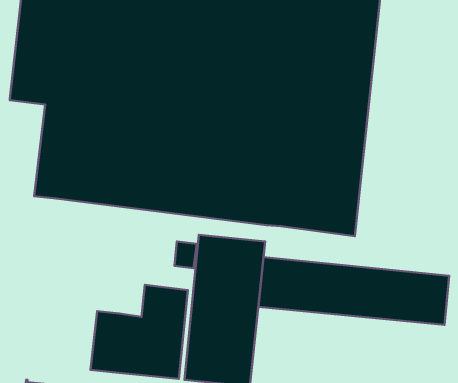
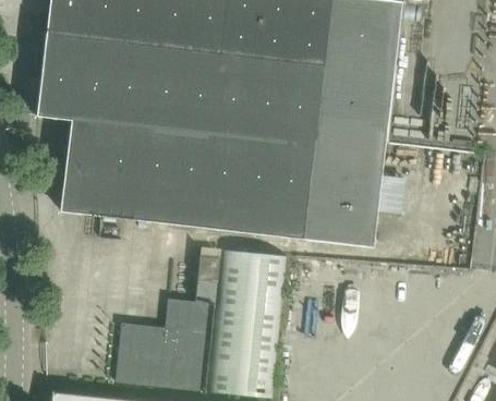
building: [259,257,449,325] -> none

